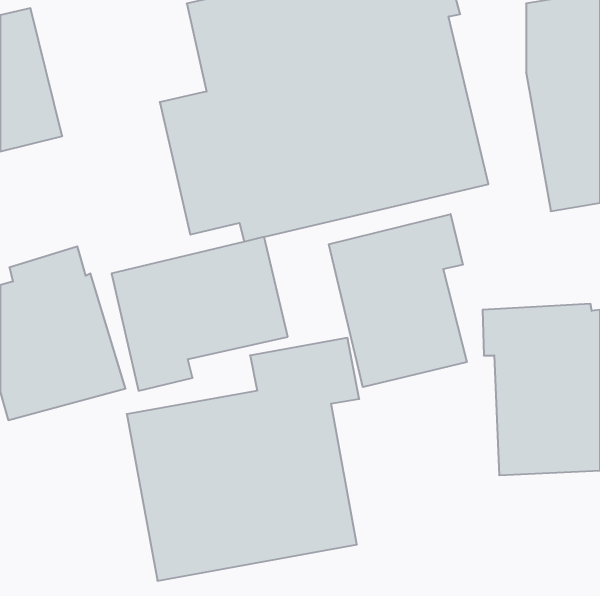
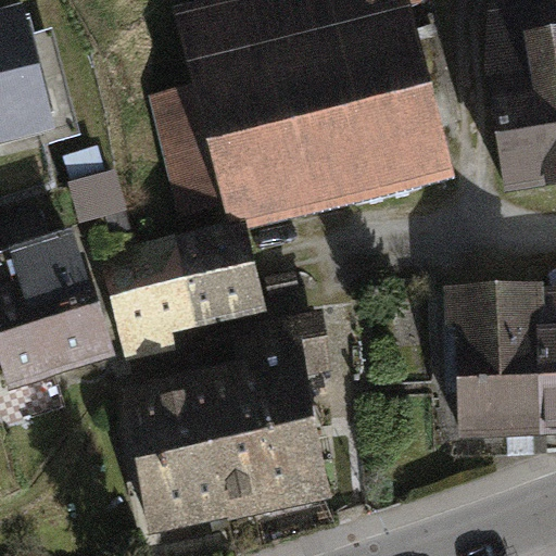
building: [329,214,467,387] -> none

